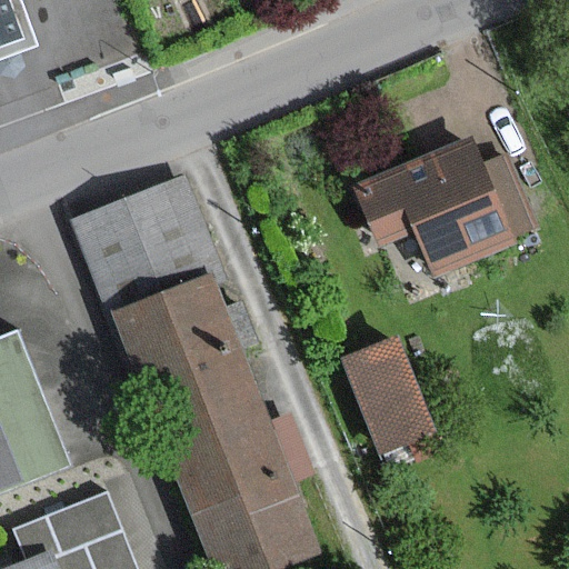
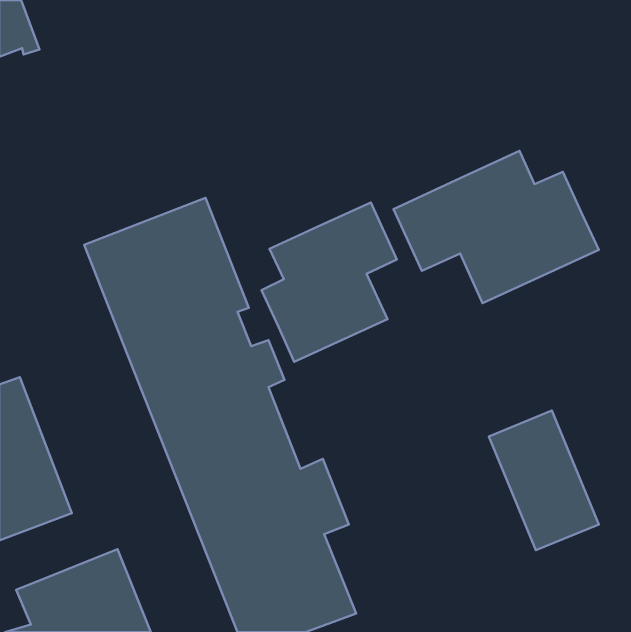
building: none -> [262,203,397,362]
building: [338,333,437,459] -> [489,411,599,550]

